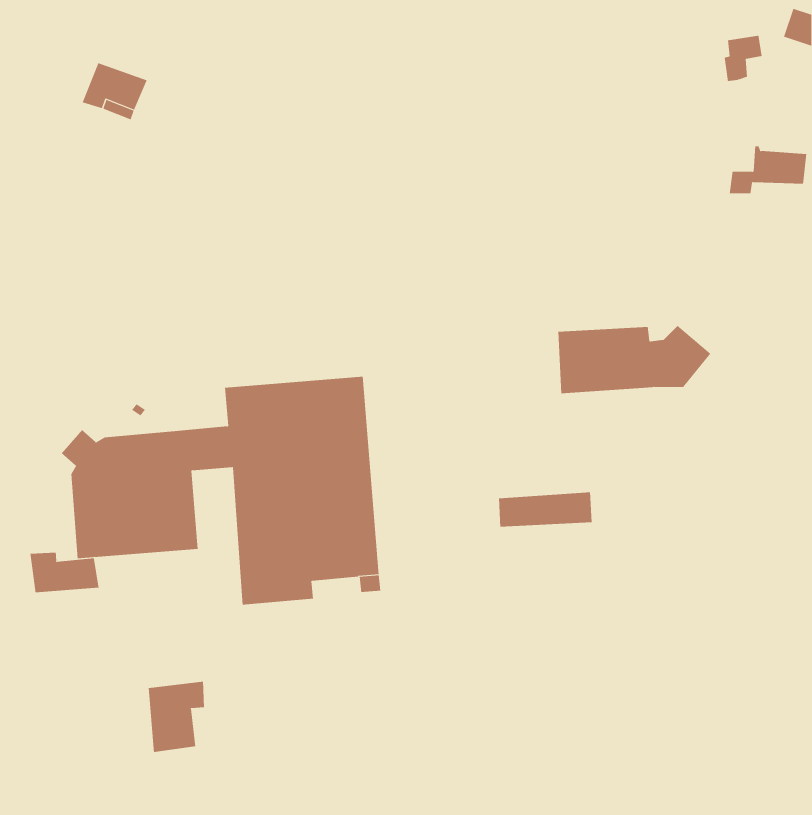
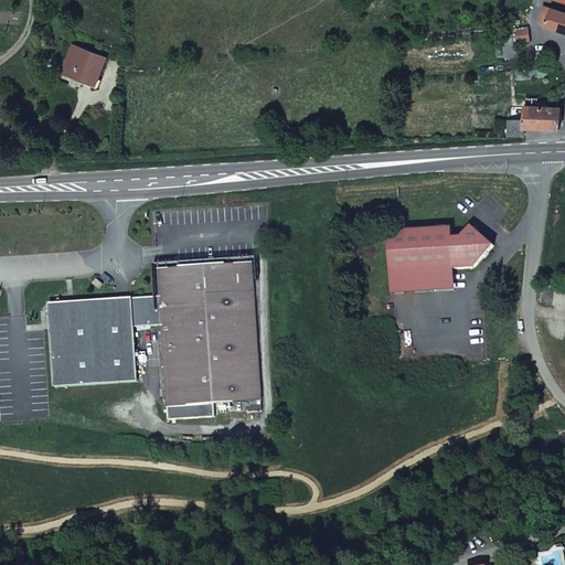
building: [498,492,593,527] -> [386,267,451,291]
building: [30,552,99,593] -> none
building: [148,681,204,753] -> none

